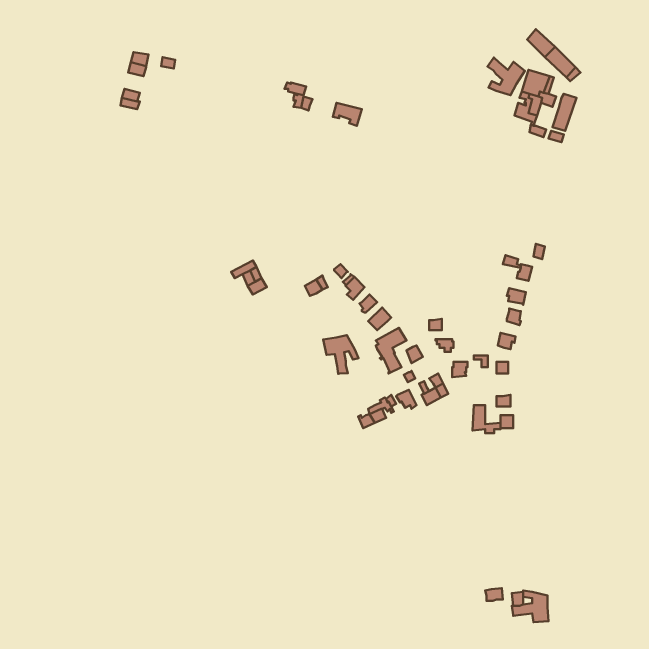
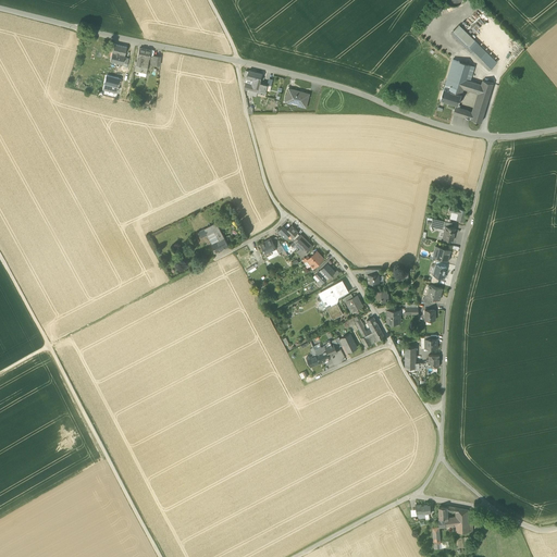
building: [487,57,525,95] -> none
building: [323,335,359,374] -> none

